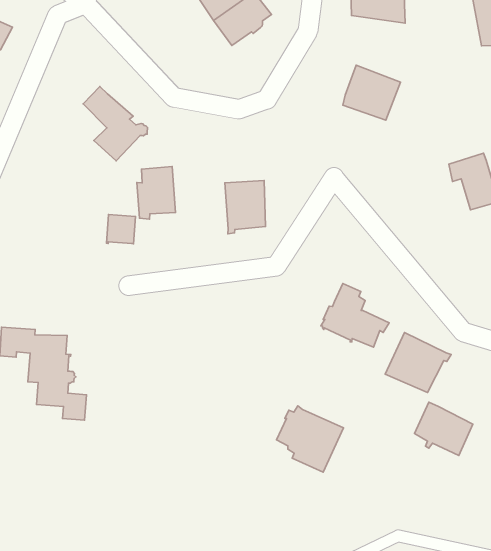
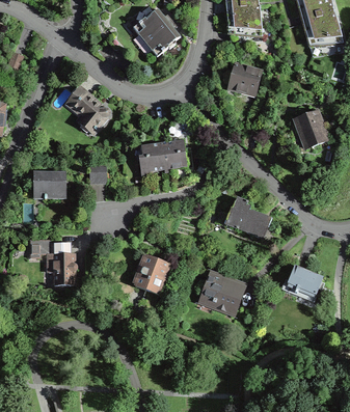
building: [137,166,175,219] -> [138,140,163,173]
building: none -> [32,173,65,198]
building: [385,332,451,393] -> none
building: none -> [134,254,169,312]

